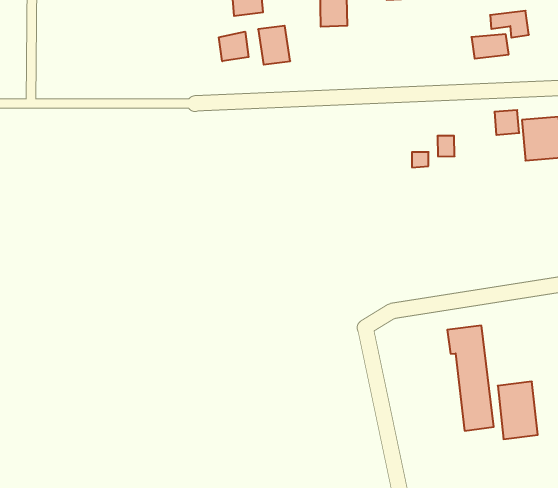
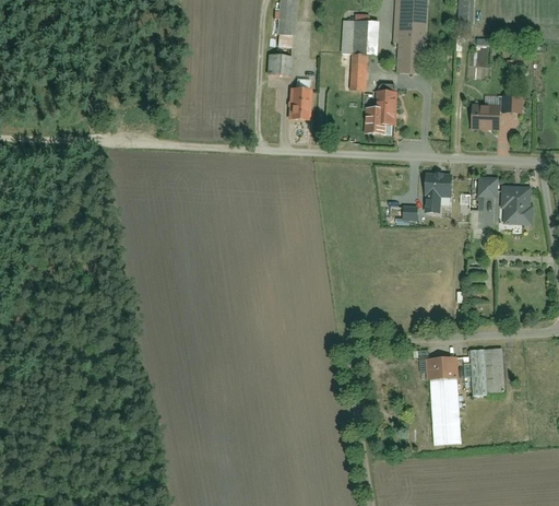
building: none -> [365,89,393,134]
building: [219,32,249,61] -> none
building: none -> [428,170,454,192]
building: [498,382,538,439] -> [472,349,502,396]

